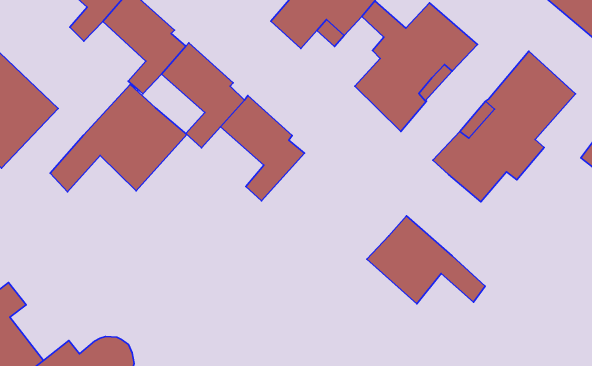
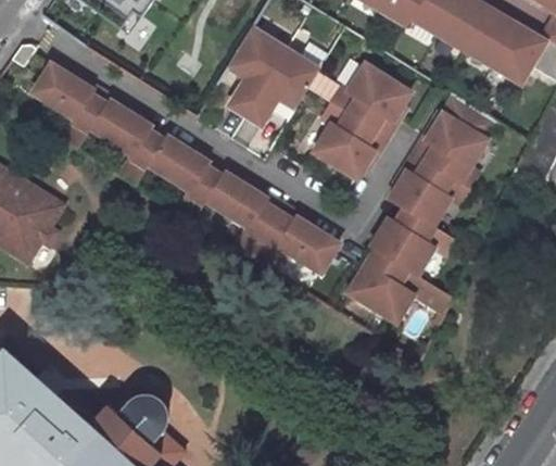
building: [50,85,187,192] -> none
building: none -> [251,212,340,274]
building: none -> [371,209,457,277]

